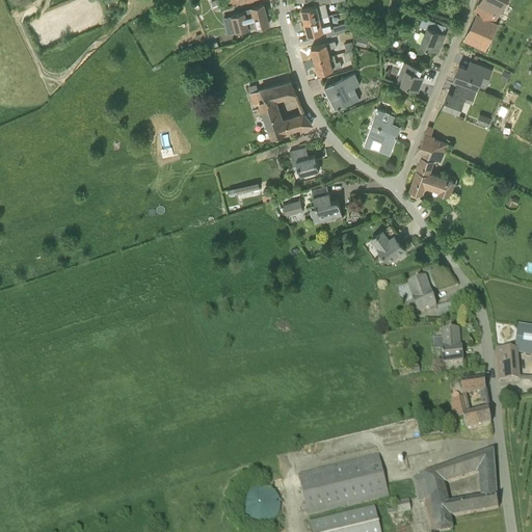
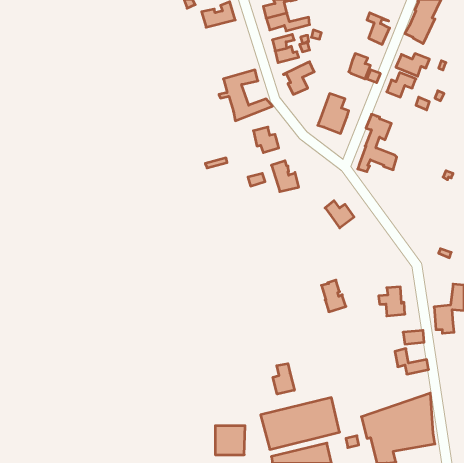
building: [408,275,436,312] -> [321,280,346,312]
building: none -> [273,364,294,394]

